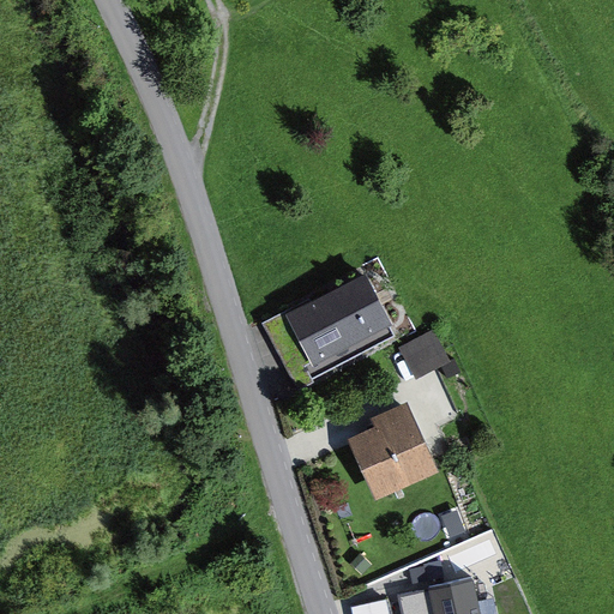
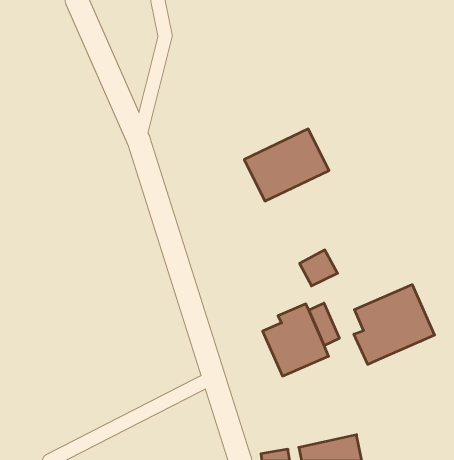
building: [282,272,395,368] -> [244,129,329,201]
building: none -> [354,285,435,364]

